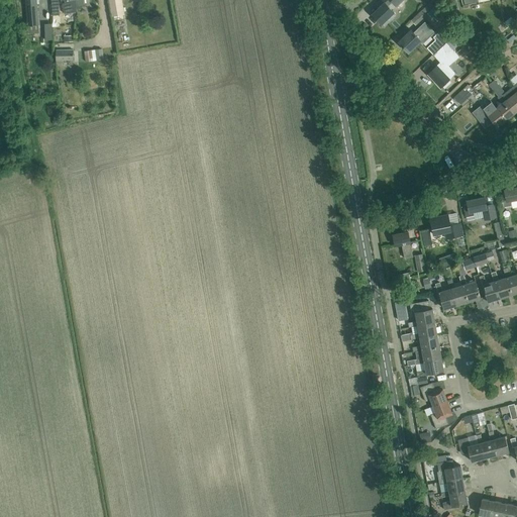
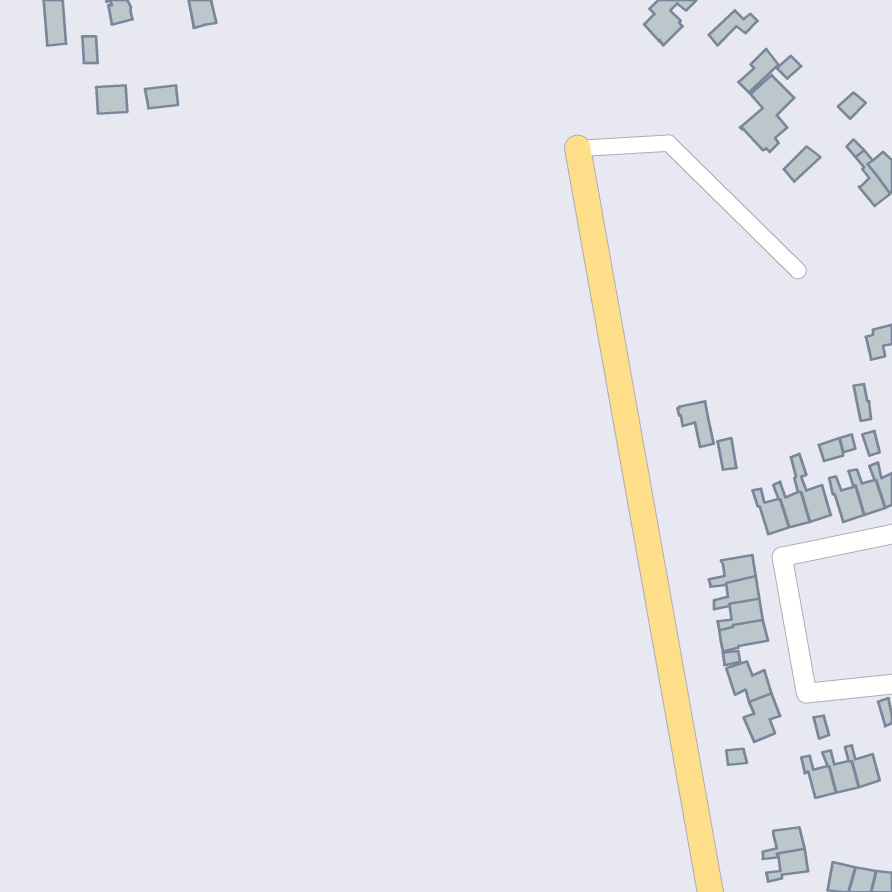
building: [399,23,434,53] -> none
building: [474,101,506,127] -> none
building: [463,198,497,220] -> none
building: [430,214,462,238] -> none
building: [408,301,435,327] -> none
building: [437,460,462,485] -> none

